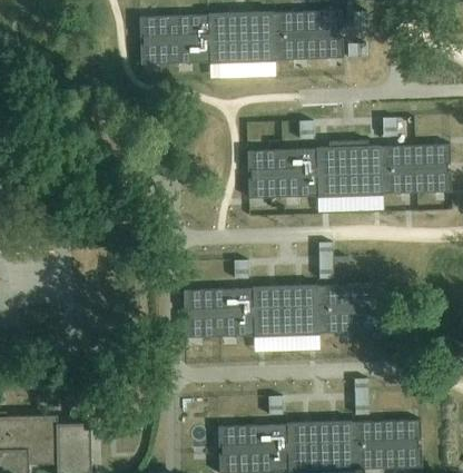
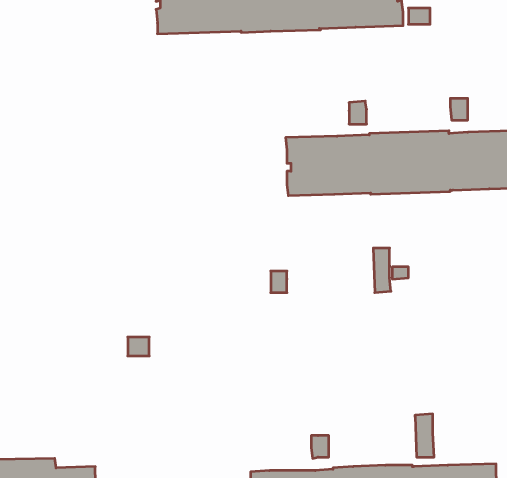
building: [183,284,387,337] -> none

